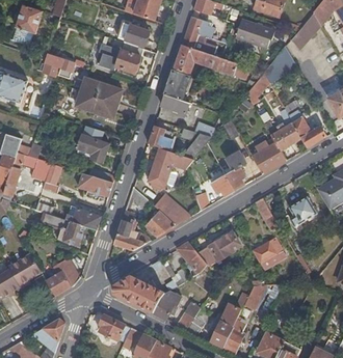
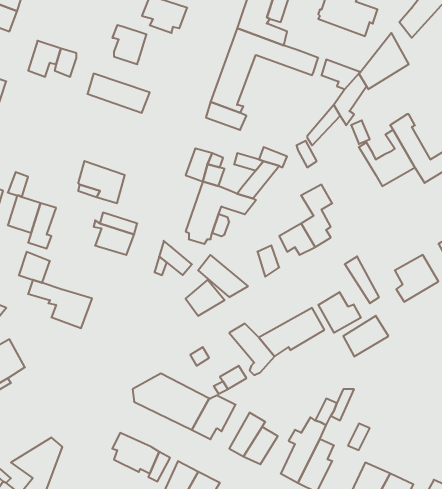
building: [116,44,142,73] -> none
building: [77,89,118,116] -> none
building: [250,140,285,174] -> none
building: [64,206,102,229] -> none
building: [114,210,150,250] -> none
building: none -> [318,292,361,333]
building: [47,256,81,295] -> none

